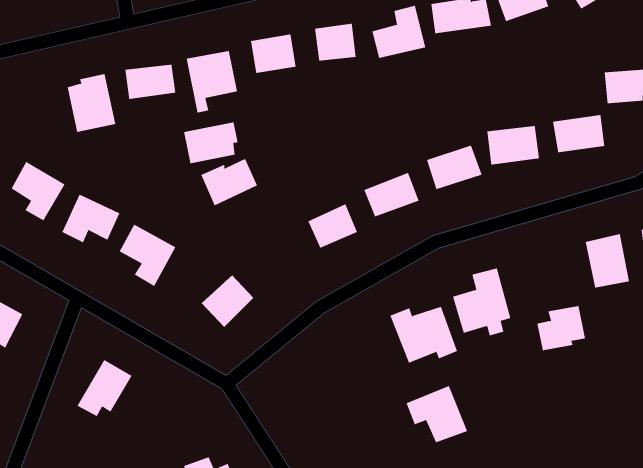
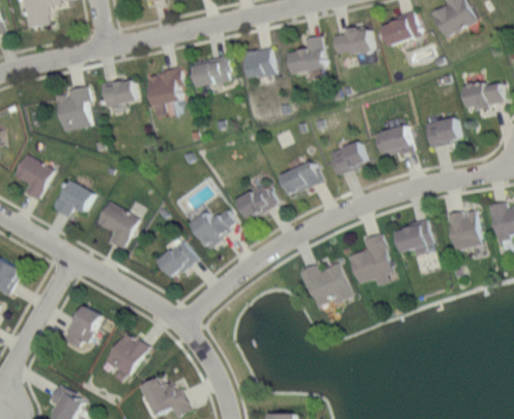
building: [183,121,238,164] -> none
building: [201,158,258,206] -> [193,208,236,245]
building: [537,306,586,351] -> [395,219,432,253]
building: [406,385,468,443] -> none
building: none -> [104,330,149,376]

